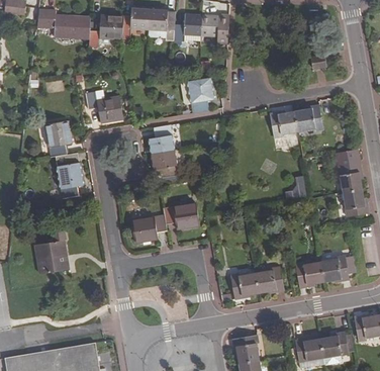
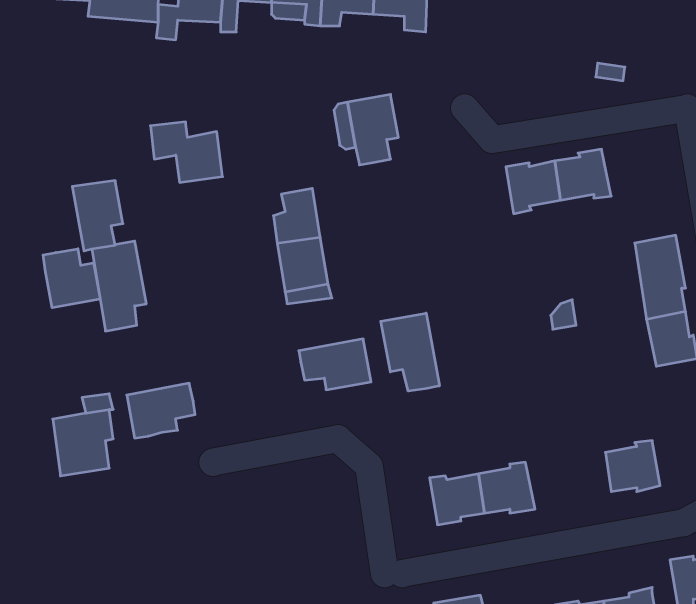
building: none -> [43,249,100,308]
building: none -> [381,313,439,391]
building: [131,214,167,243] -> [127,383,195,438]
building: [296,261,324,287] -> none

